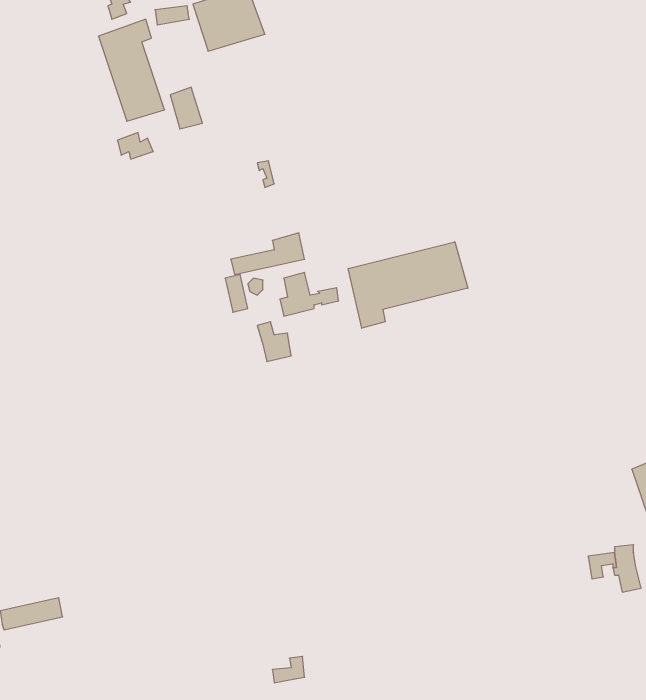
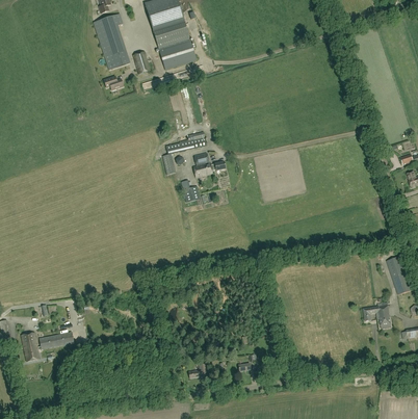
building: none -> [154,22,197,70]
building: [348,242,468,328] -> none

